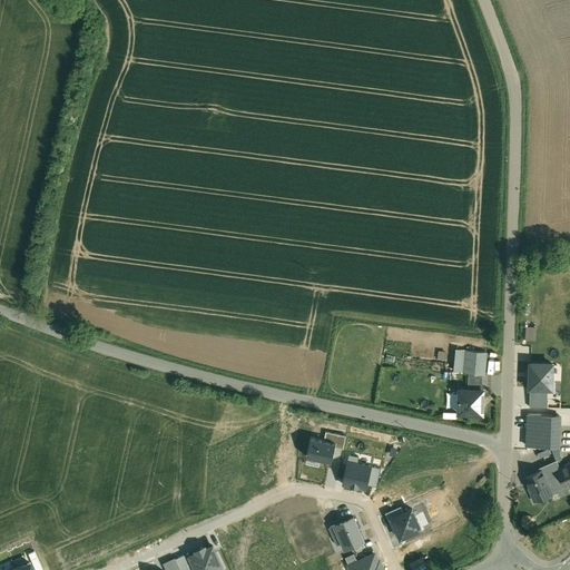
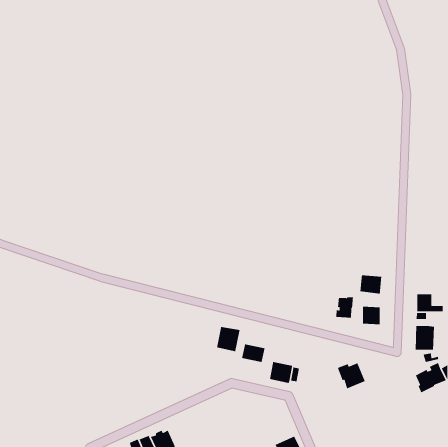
building: none -> [335,296,354,318]
building: none -> [216,326,241,352]
building: [387,507,424,541] -> [337,362,366,389]
building: [328,515,367,553] -> none

